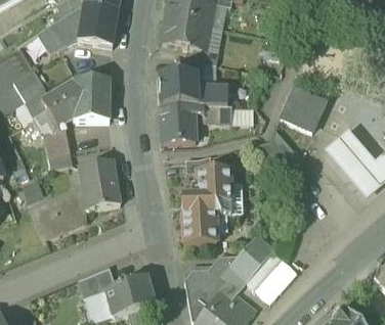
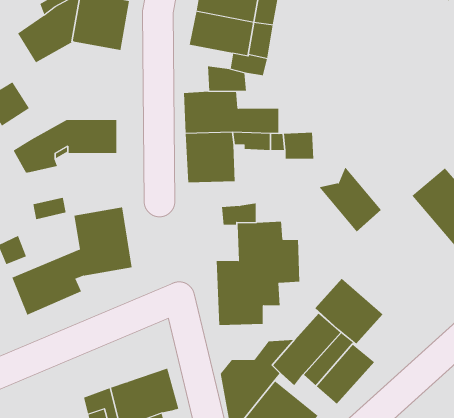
building: [41,77,110,109] -> none
building: [281,88,326,131] -> none
building: [44,129,71,156] -> none
building: none -> [315,278,383,344]
building: [79,265,117,296] -> none

